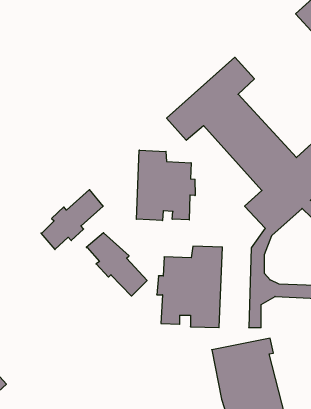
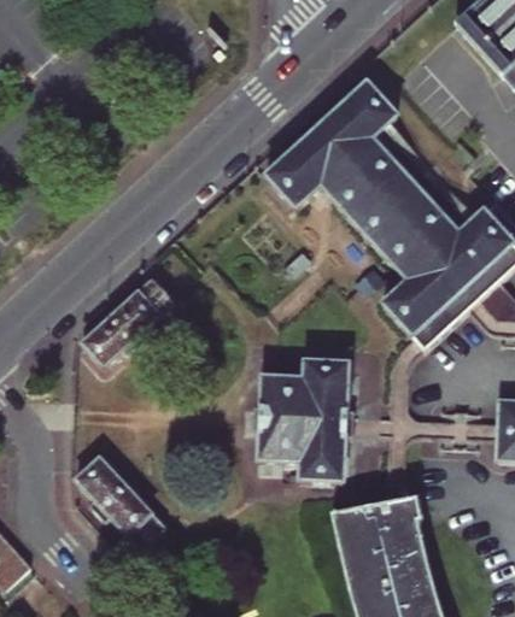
building: [136,150,195,221] -> none
building: [86,233,147,296] -> [76,458,165,551]

